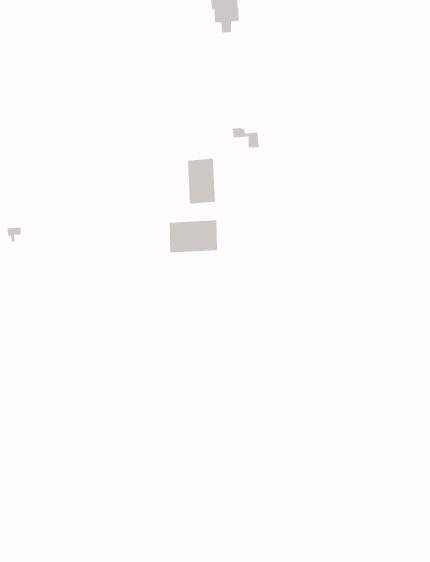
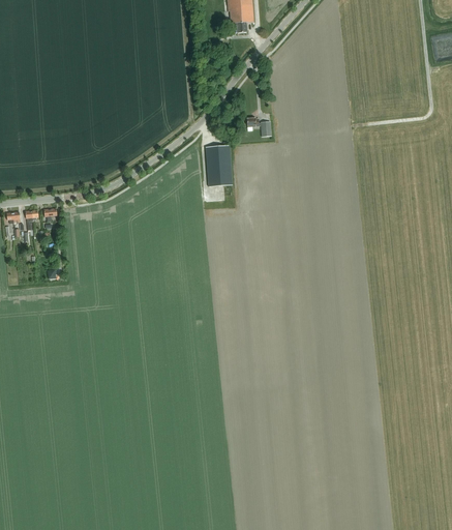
building: [169,220,217,253] -> none

